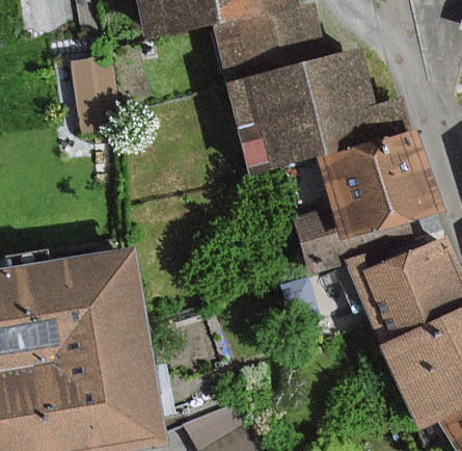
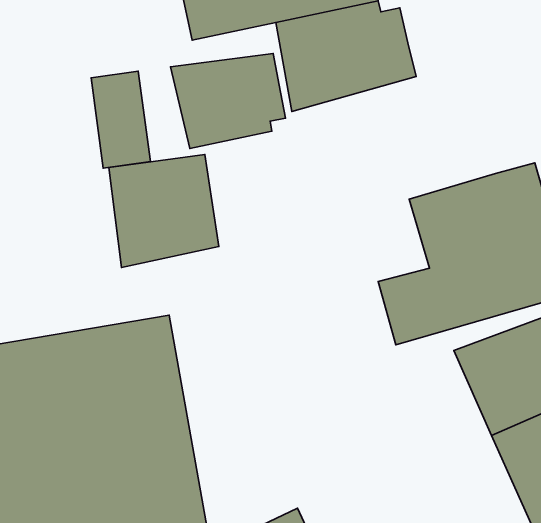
building: none -> [171,54,285,149]
building: [227,52,384,176] -> none
building: none -> [109,155,219,267]

